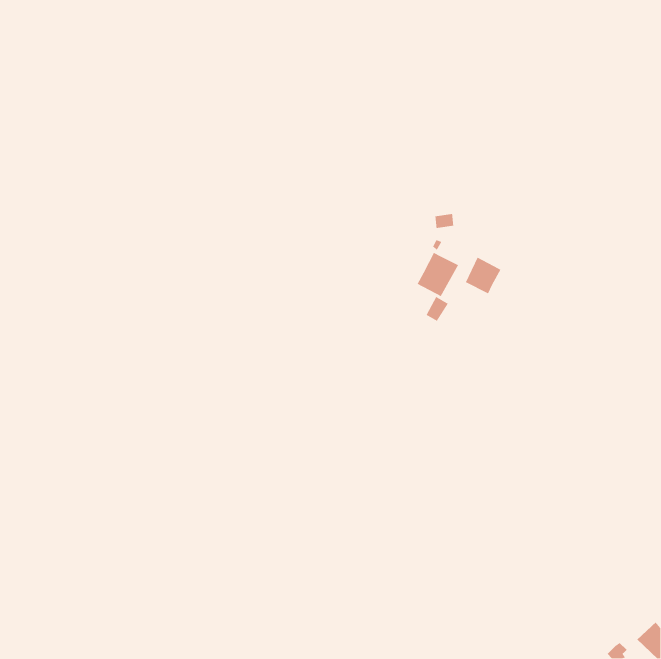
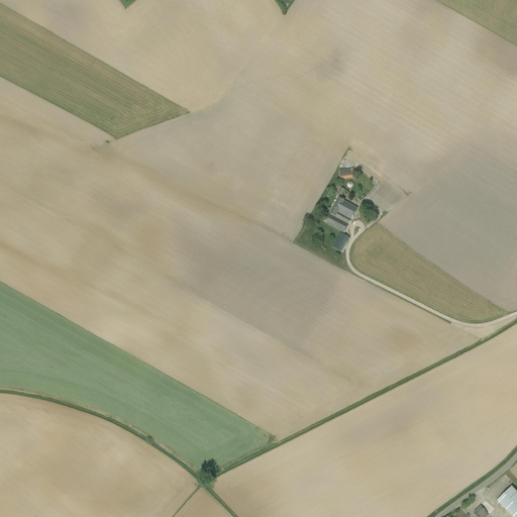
building: [465,256,502,295] -> none

